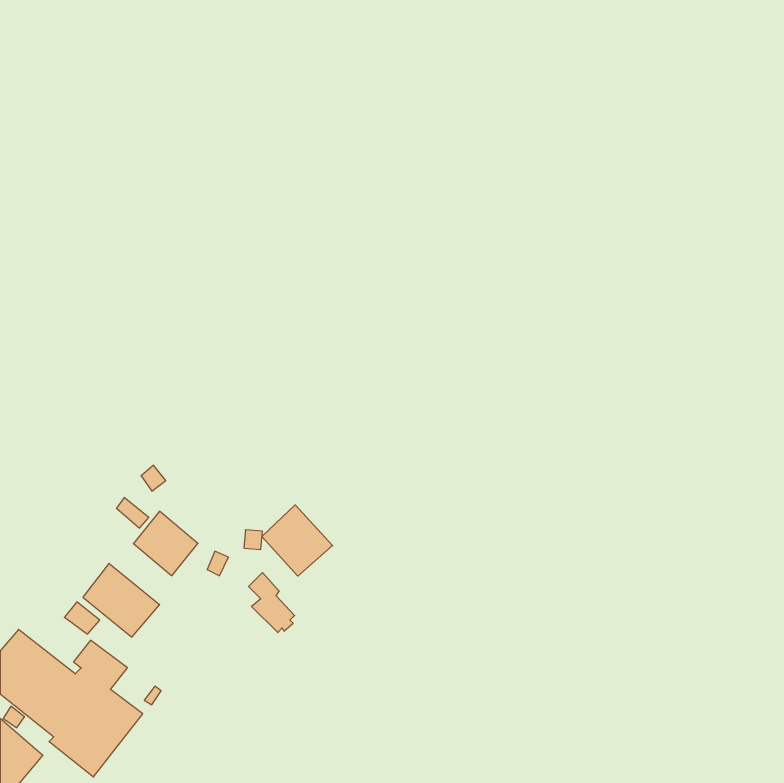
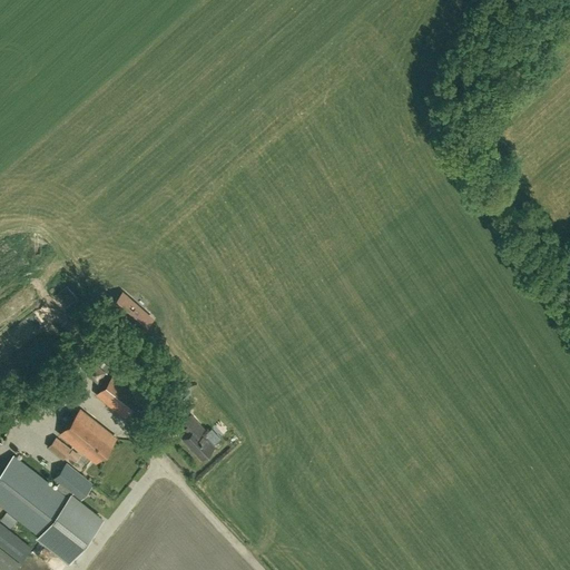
building: none -> [111,296,148,332]
building: [262,505,333,576] -> none

